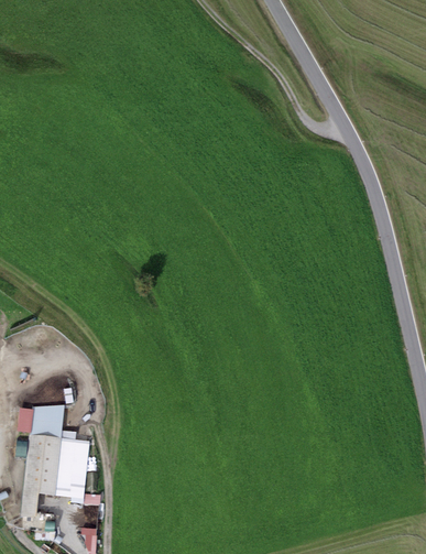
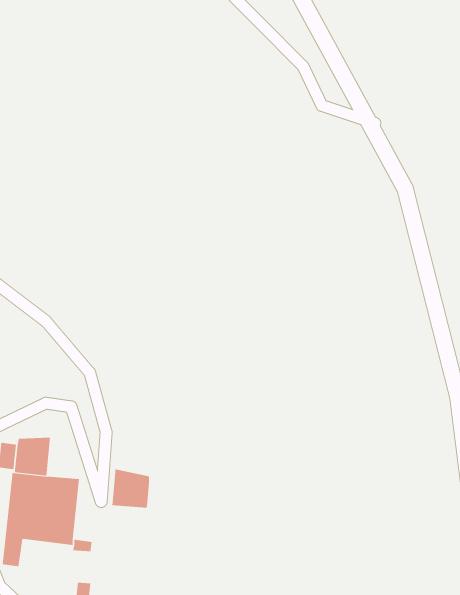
building: none -> [112,468,150,509]

